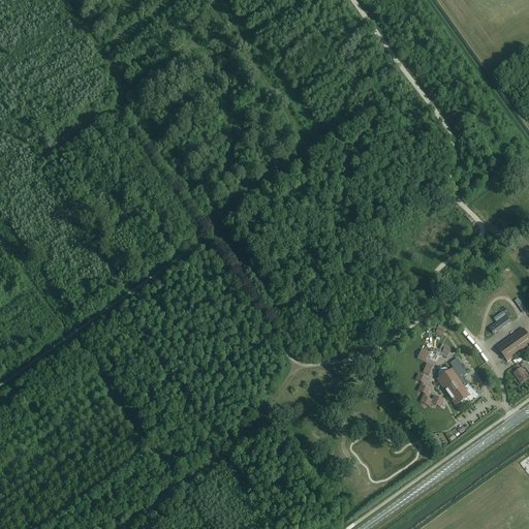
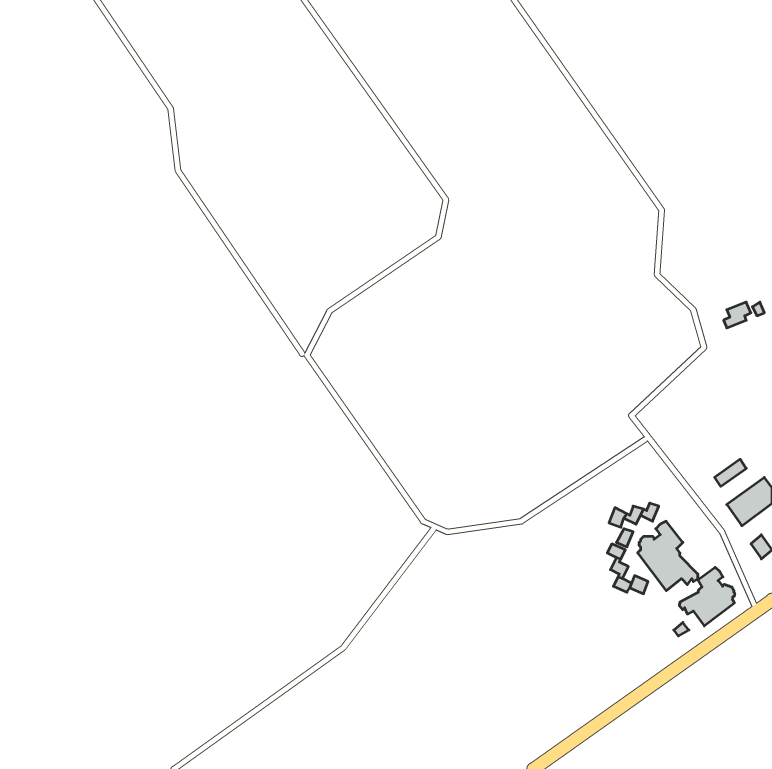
building: none -> [679,567,735,626]

